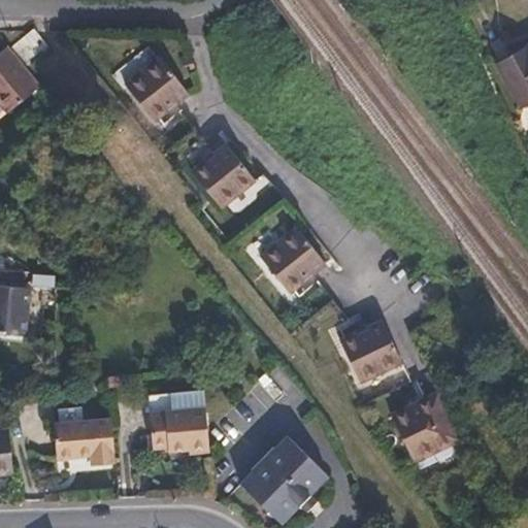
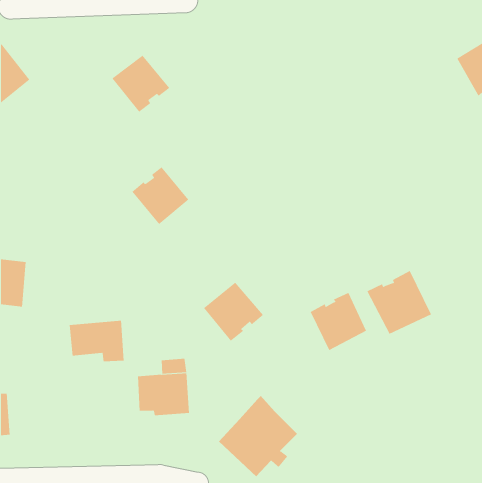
building: [190,145,253,209] -> [131,166,189,225]
building: [259,228,325,293] -> [203,282,264,341]
building: [392,390,463,460] -> [367,270,432,334]
building: [55,421,116,466] -> [69,320,125,362]

